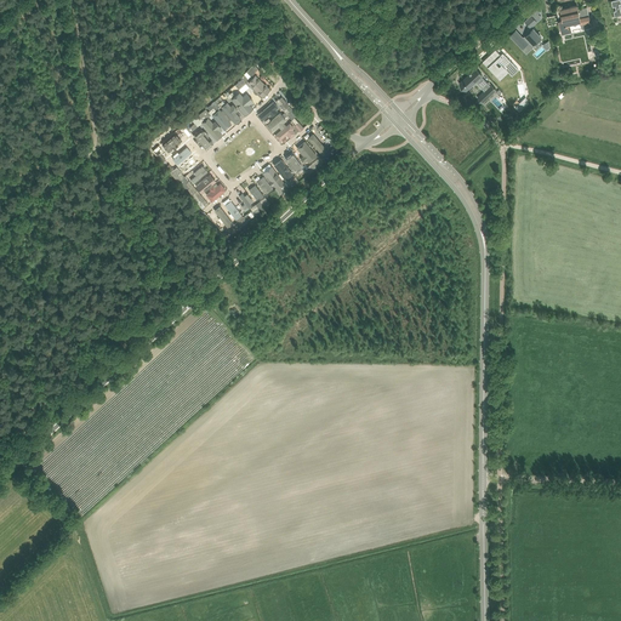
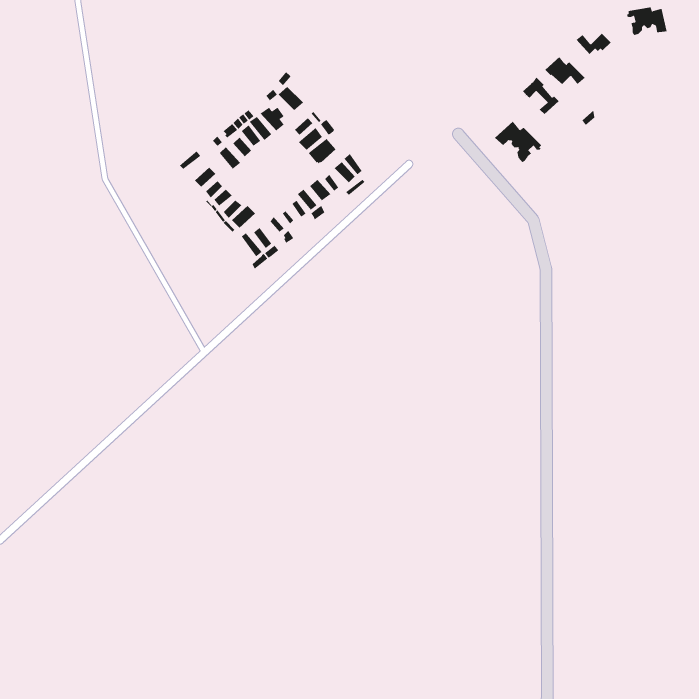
building: none -> [494,121,542,163]

